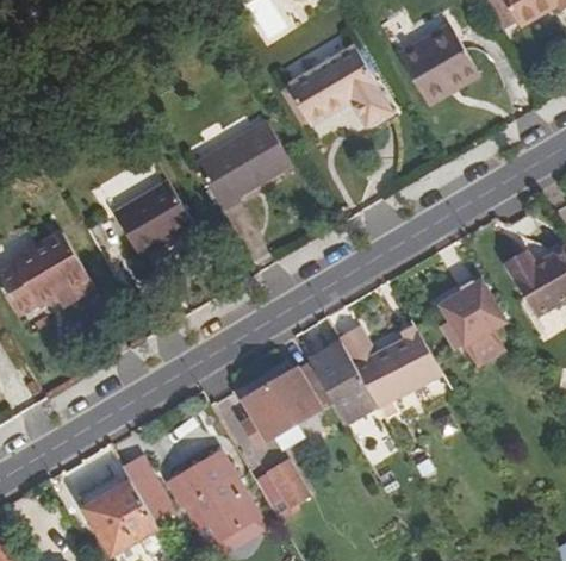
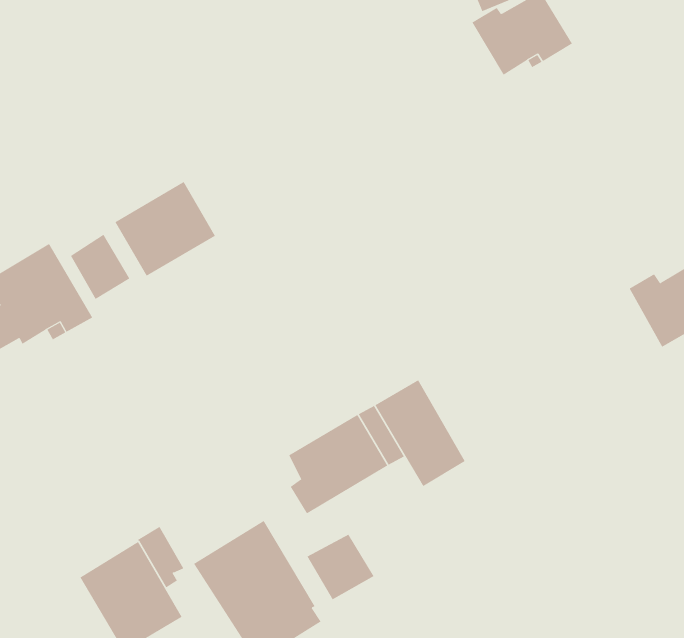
building: [276,48,380,129] -> none
building: [185,123,282,214] -> none
building: none -> [70,234,130,300]
building: [436,276,508,368] -> none
building: [343,319,444,414] -> none

